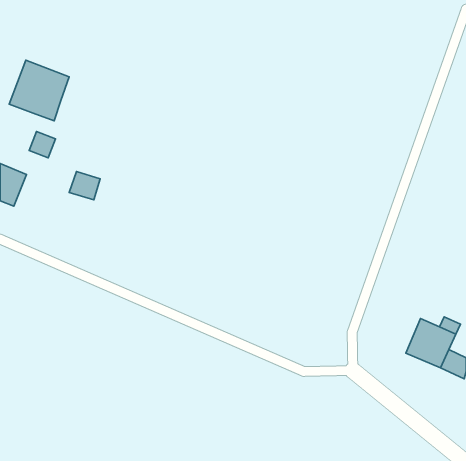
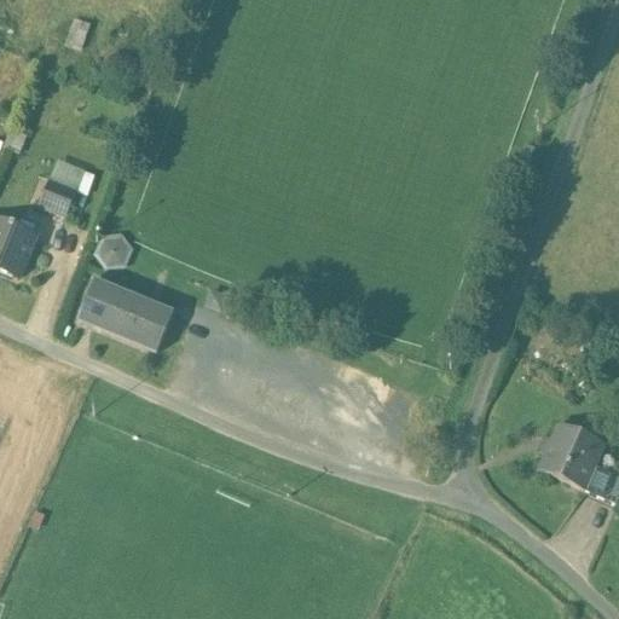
building: [9,60,69,121] -> none
building: none -> [81,280,169,348]

